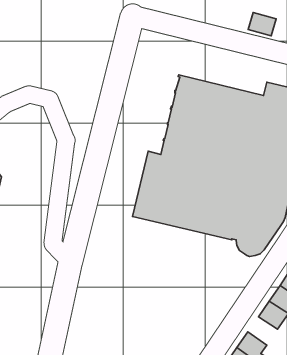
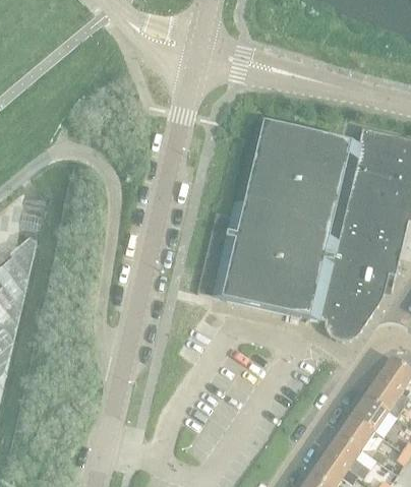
building: [248,12,276,36] -> none
building: none -> [339,415,375,449]

